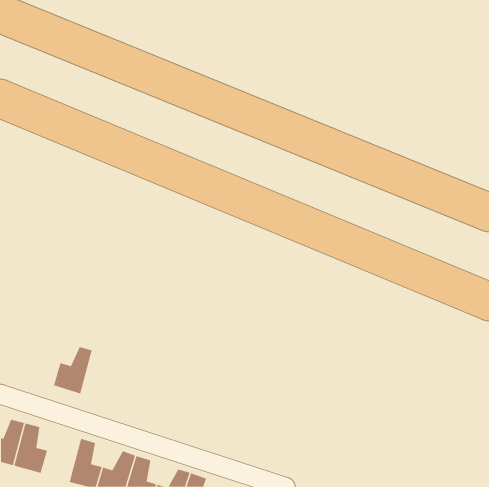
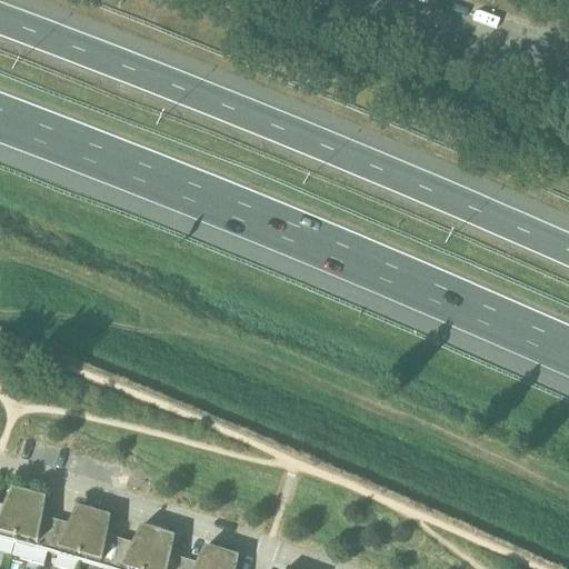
building: [53,346,92,394] -> [48,505,93,560]

